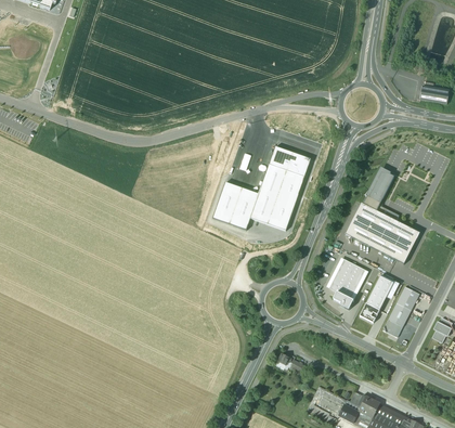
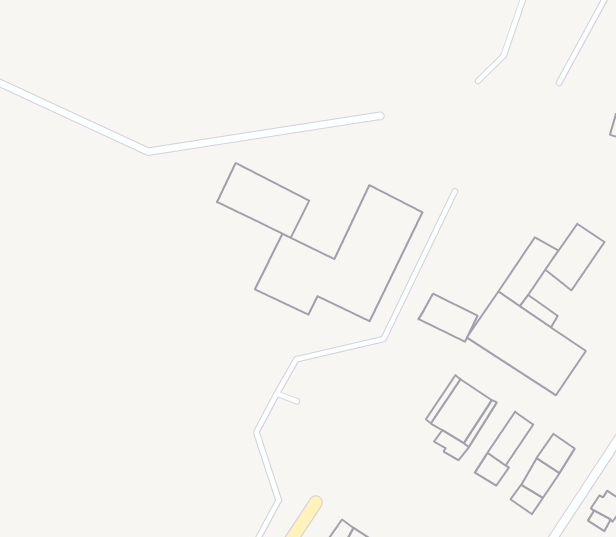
building: none -> [217,163,309,238]
building: none -> [545,224,605,290]
building: none -> [418,294,477,342]

